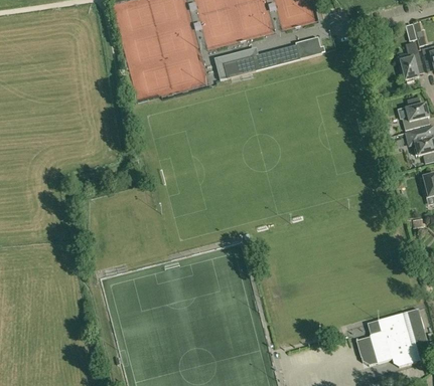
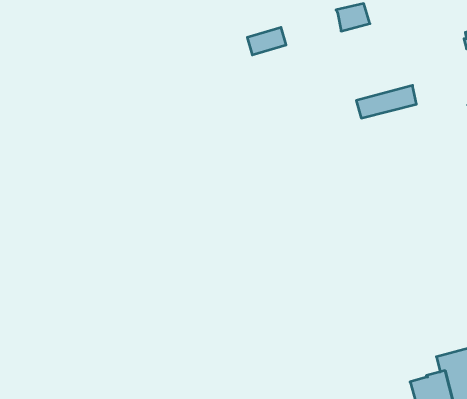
building: [252,43,300,69] -> [356,85,416,118]

